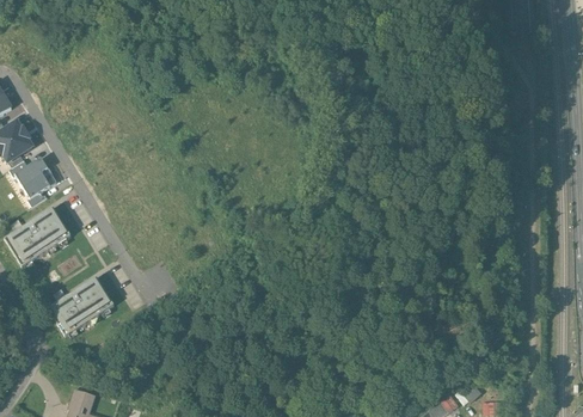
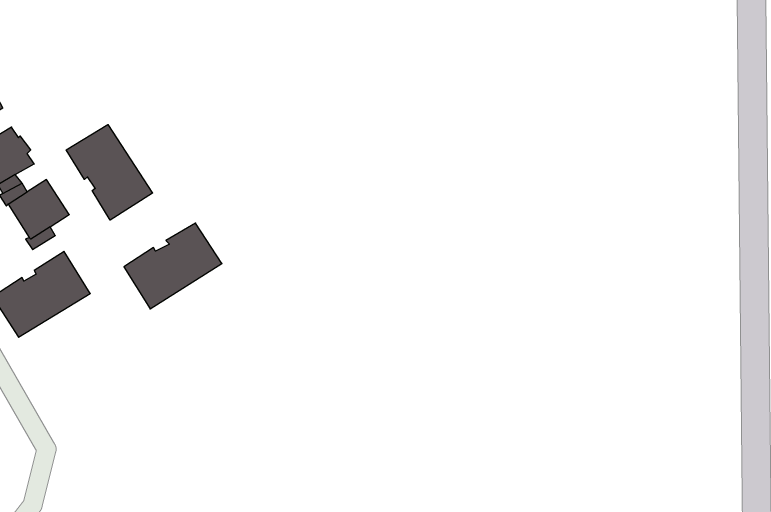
building: none -> [66,125,153,220]
building: [48,278,115,337] -> [124,223,222,309]

